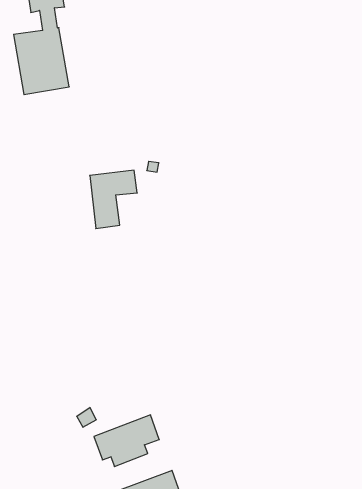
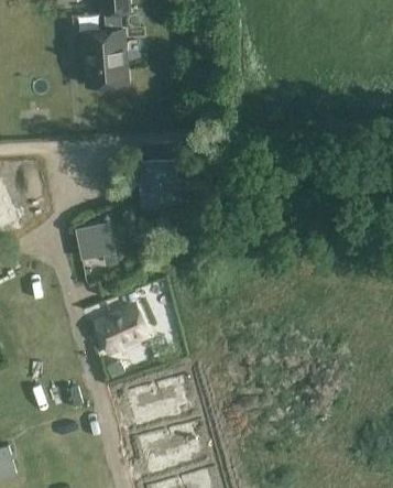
building: none -> [75,223,119,265]
building: none -> [95,305,149,356]

